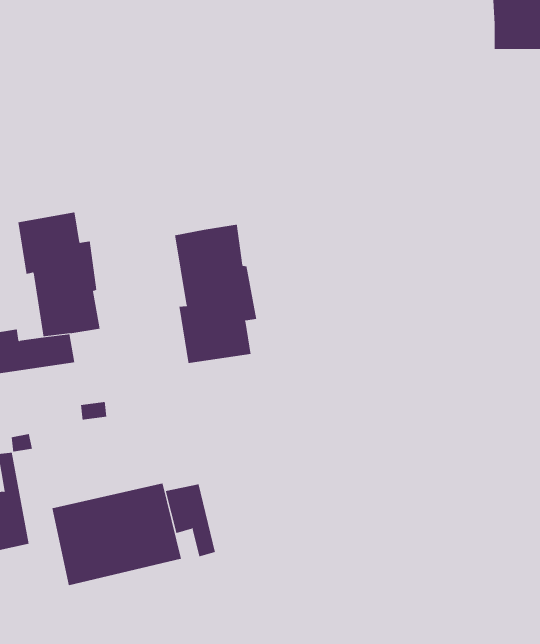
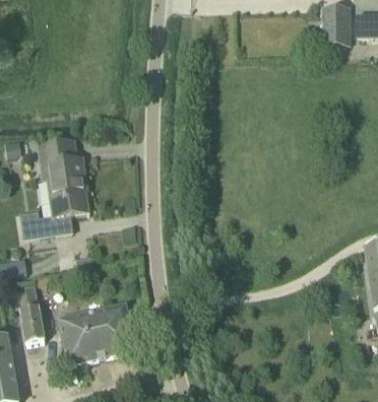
building: [175,224,257,364] -> none
building: [165,483,215,557] -> none

